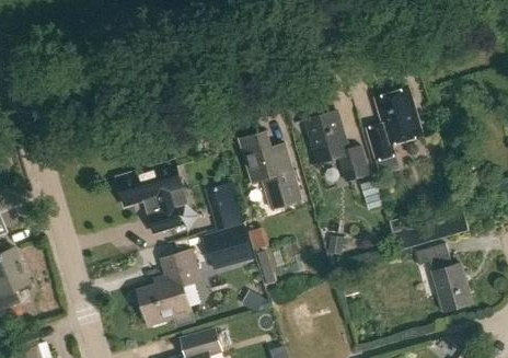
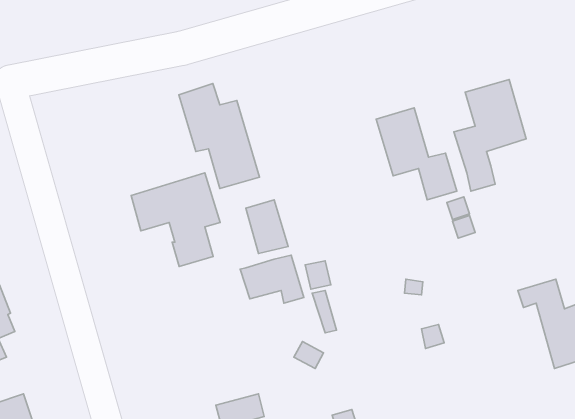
building: [240,130,302,211] -> [179,84,259,188]
building: [142,250,201,327] -> none

